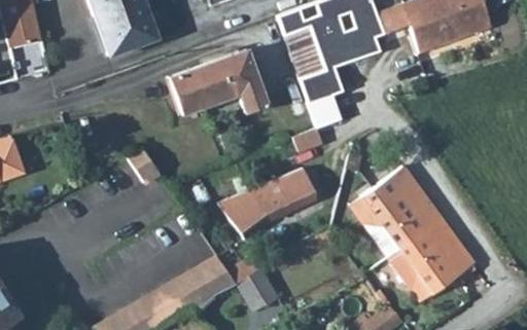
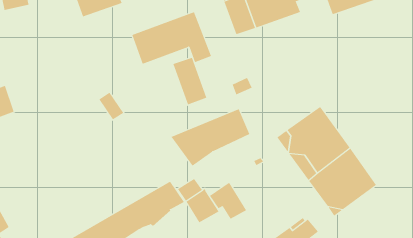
building: [298,69,342,129] -> [172,57,207,105]
building: none -> [209,182,247,220]

